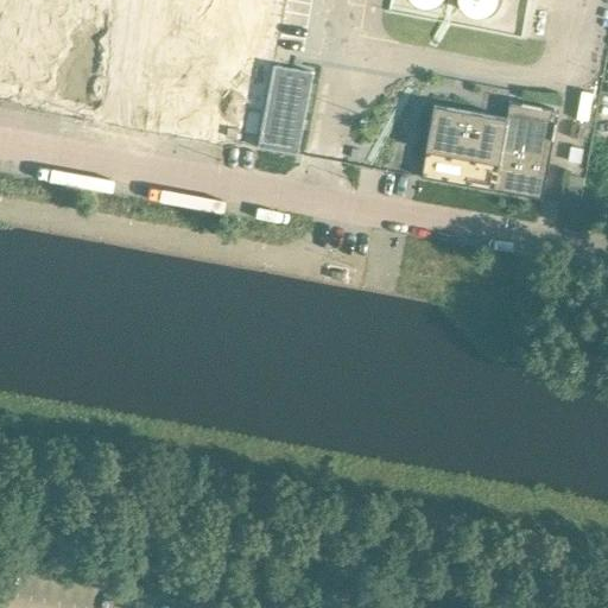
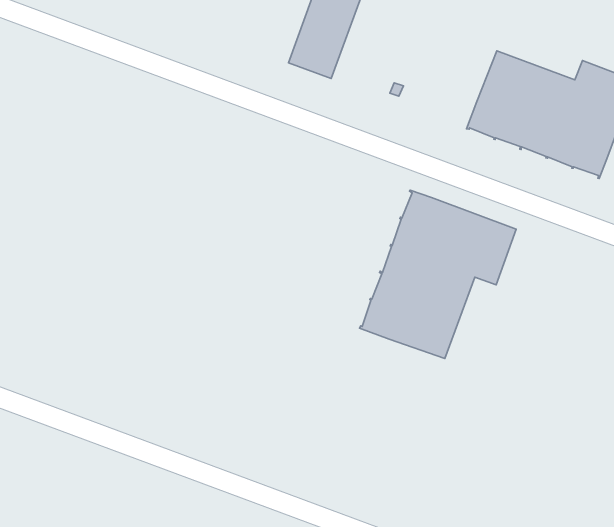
building: none -> [359,190,516,358]

